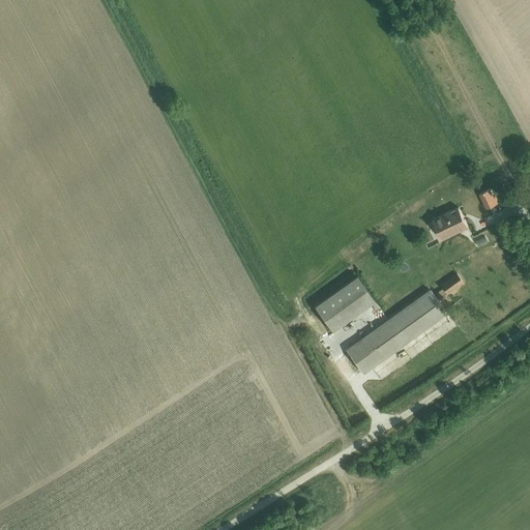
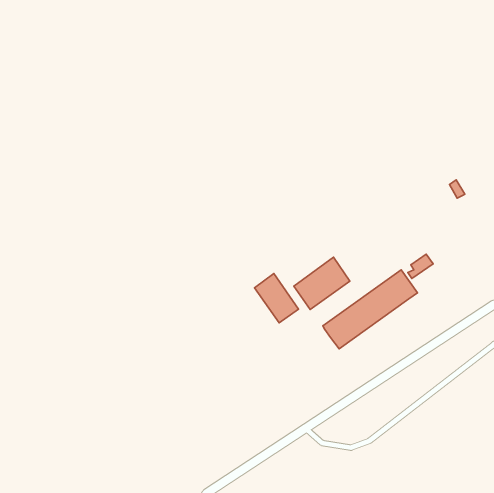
building: [433,208,468,240] -> none
building: none -> [254,273,299,323]

